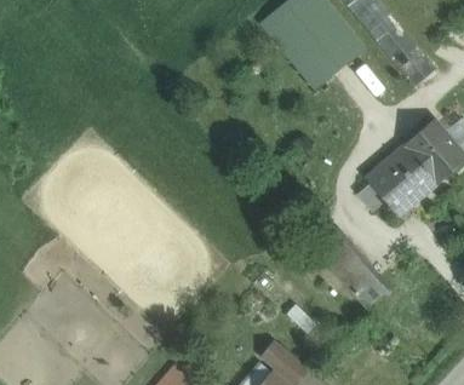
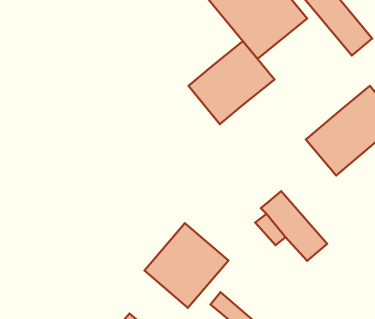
building: none -> [188,41,274,124]
building: none -> [144,223,228,308]

